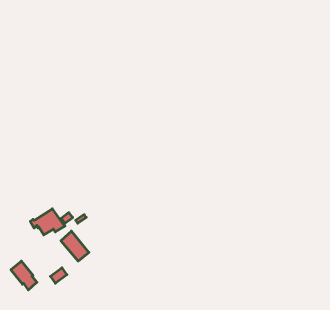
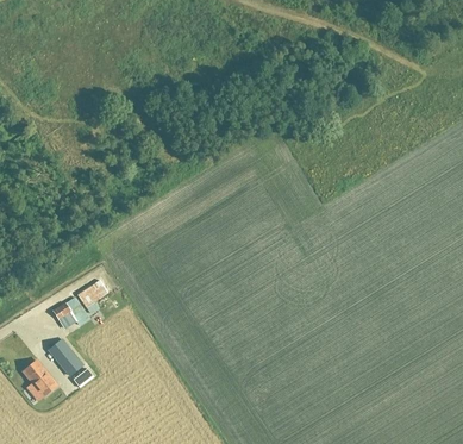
building: [61,231,89,261] -> [48,338,82,375]

